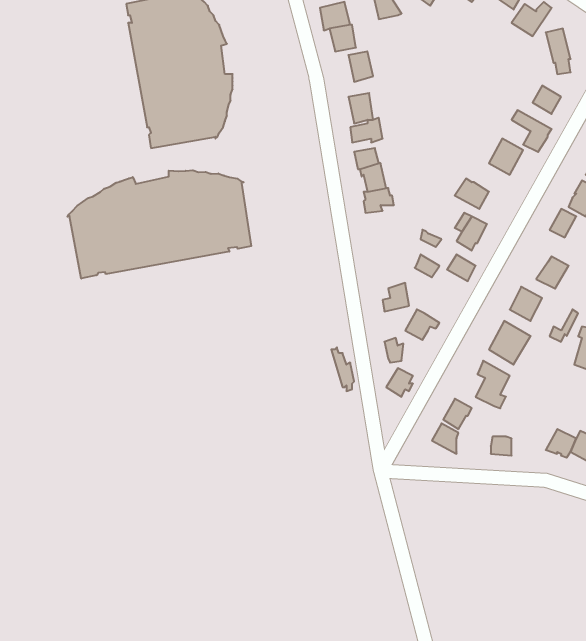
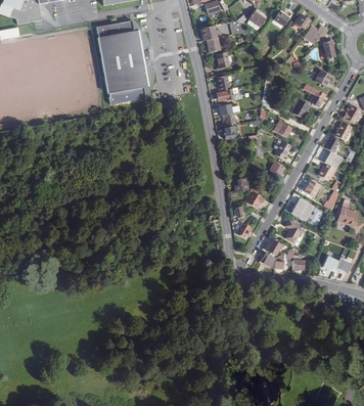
building: [67,170,251,279] -> none

